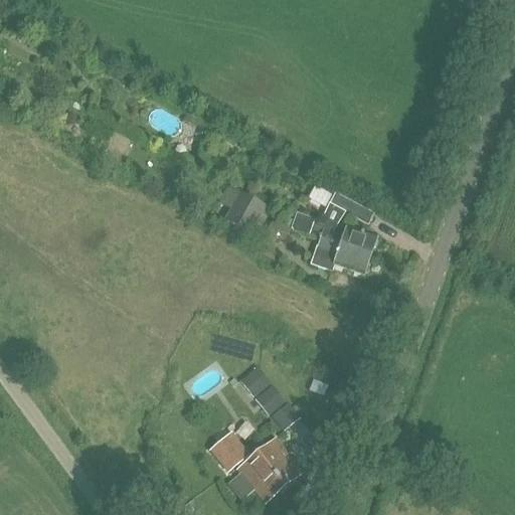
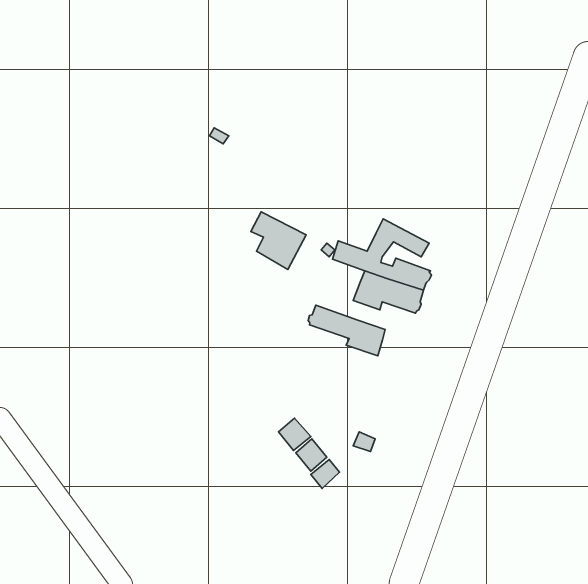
building: none -> [308,305,385,356]
building: [210,432,303,501] -> none

